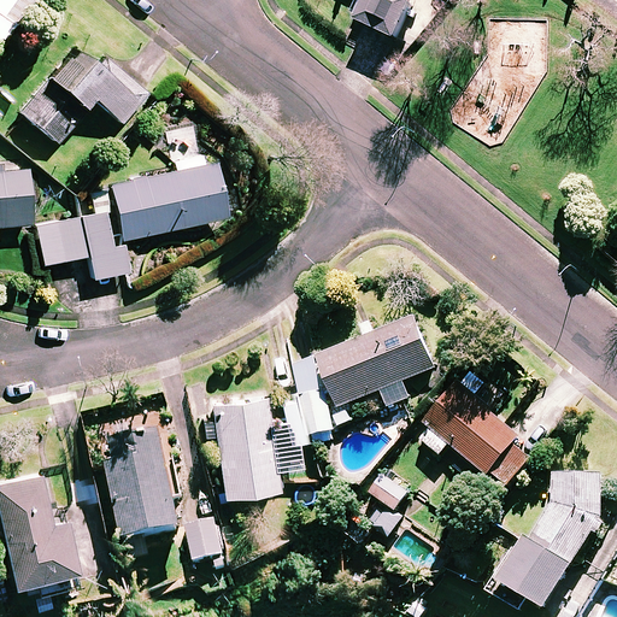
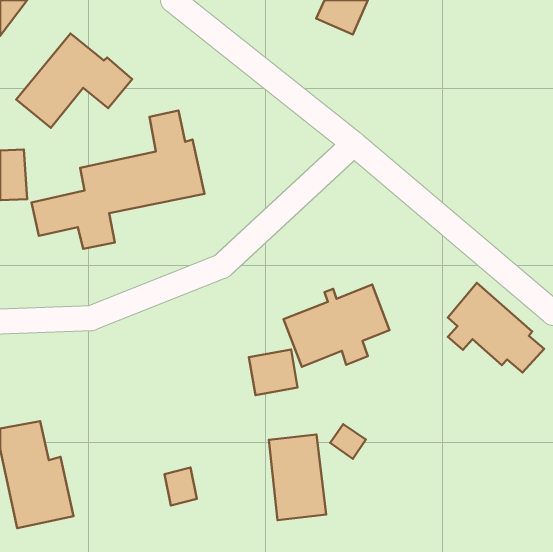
building: [424,383,531,483] -> [448,283,544,373]
building: [211,394,275,489] -> [269,435,326,520]
building: [104,433,178,541] -> none
building: [487,474,603,611] -> none

